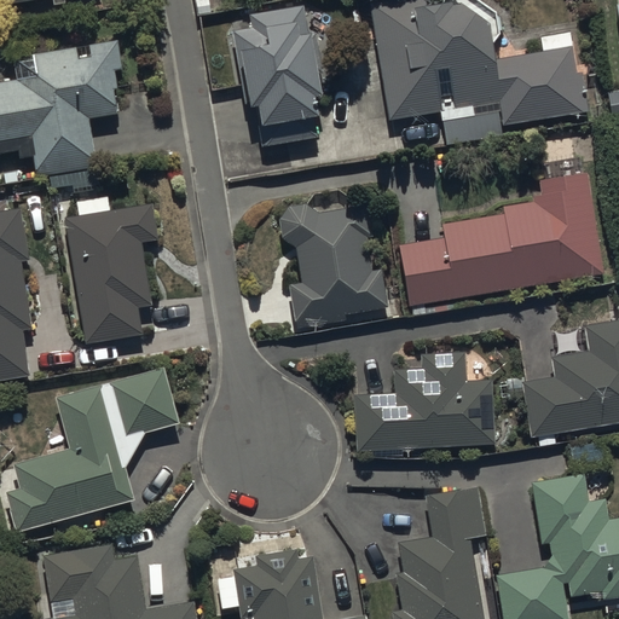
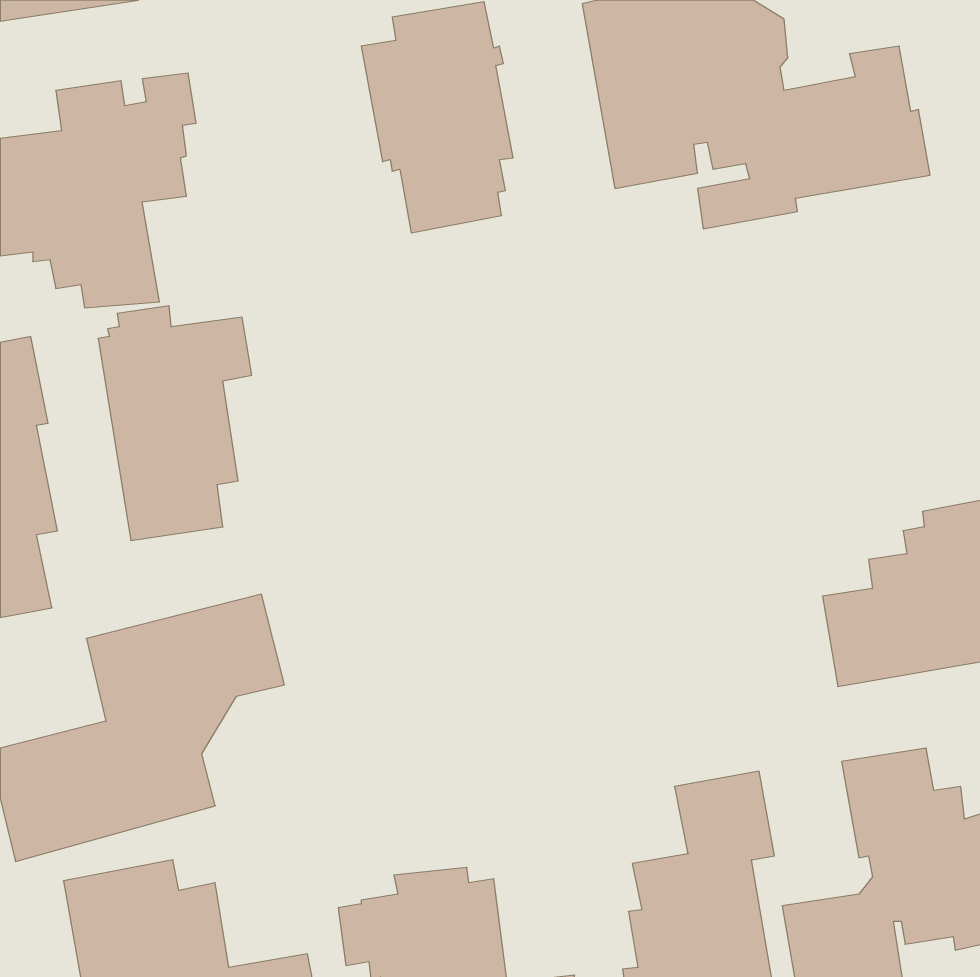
building: [399,169,607,301] -> none
building: [277,203,388,328] -> none
building: [354,353,497,450] -> none

